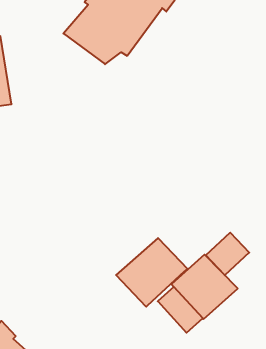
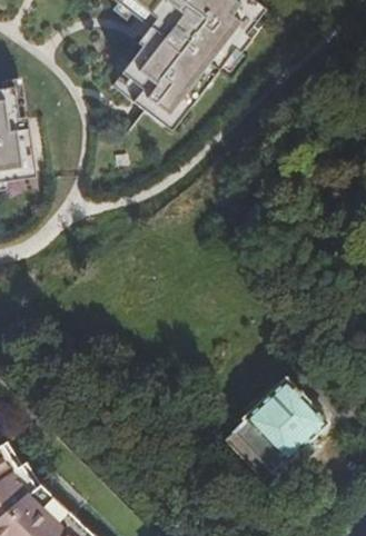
building: [206,233,249,275] -> none
building: [116,238,187,307] -> none

